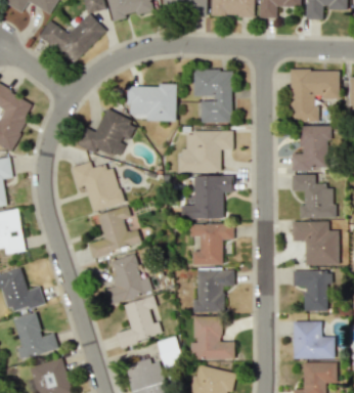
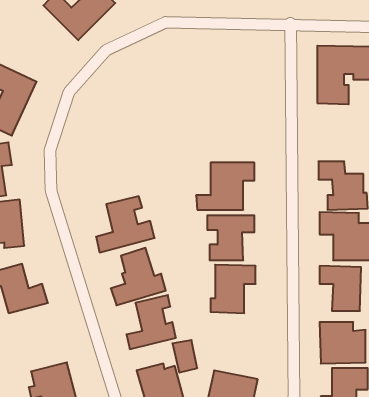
building: [193,69,233,122] -> none
building: [128,84,177,121] -> none
building: [76,108,137,157] -> none
building: [292,125,330,169] -> none
building: [178,130,233,172] -> none
building: [72,161,124,211] -> none
building: [13,311,58,358] -> none
building: [190,315,234,358] -> none

